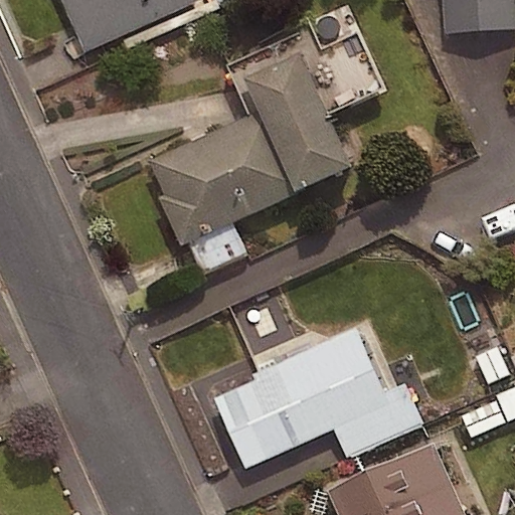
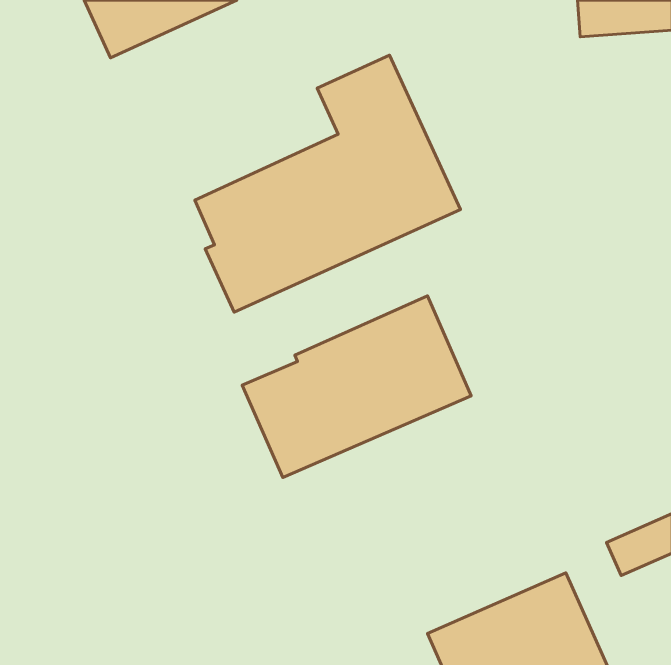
building: [214,329,389,468] -> [242,296,471,477]

